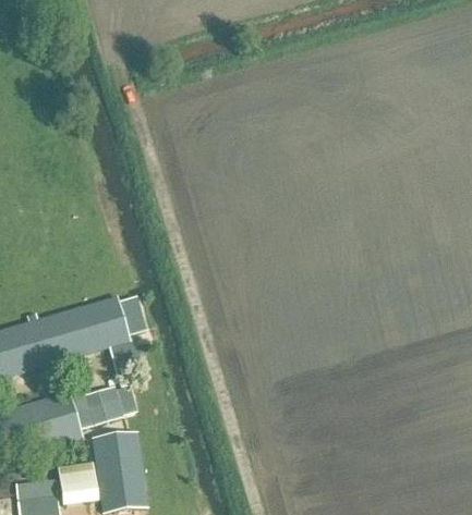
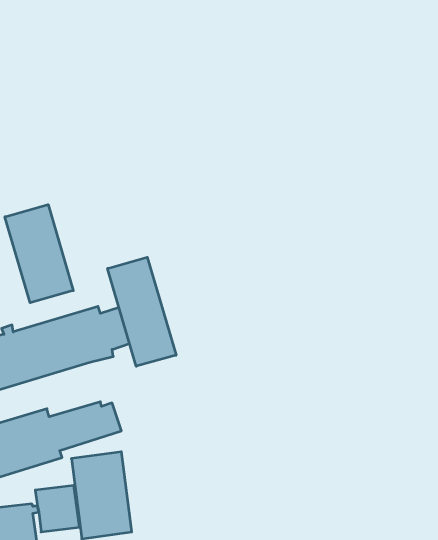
building: none -> [5,205,73,303]
building: none -> [108,257,176,366]

